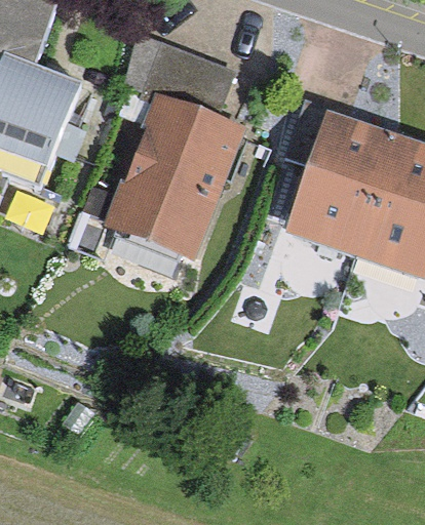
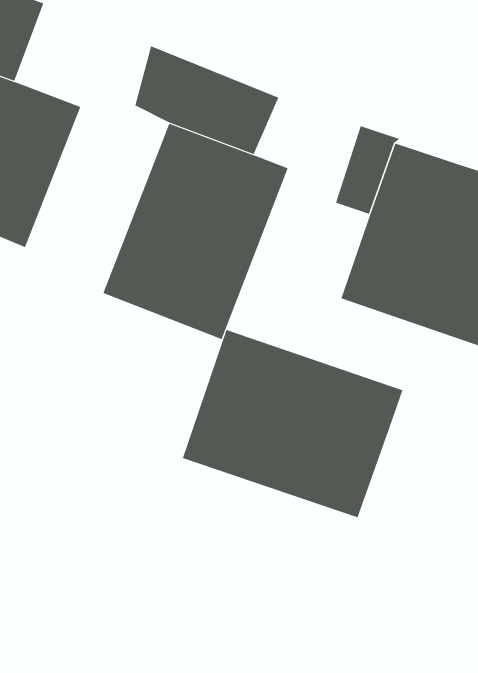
building: none -> [182,329,403,518]

